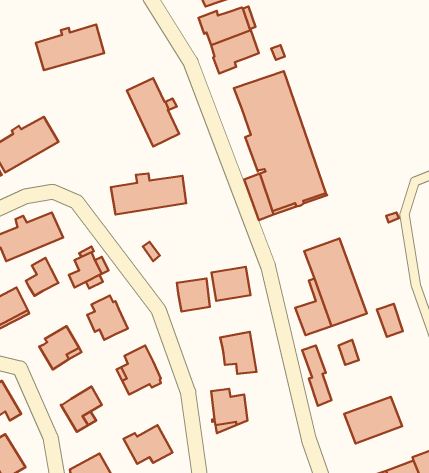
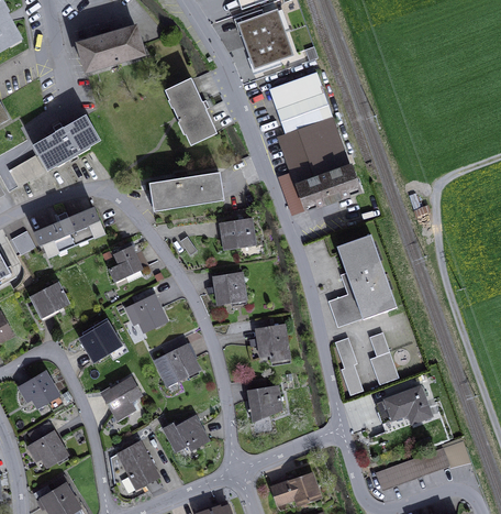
building: [26,258,58,296] -> none
building: [212,267,250,301] -> [219,217,256,250]
building: [377,304,403,337] -> [372,351,398,383]

